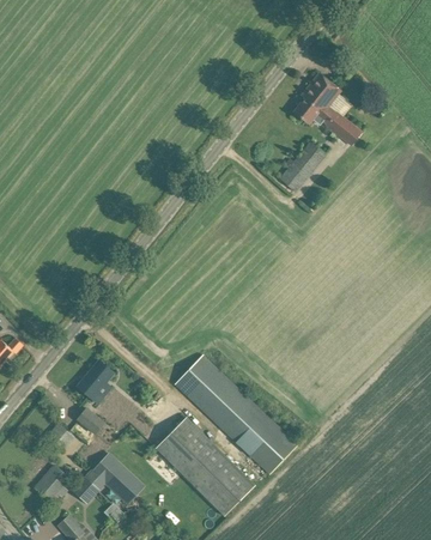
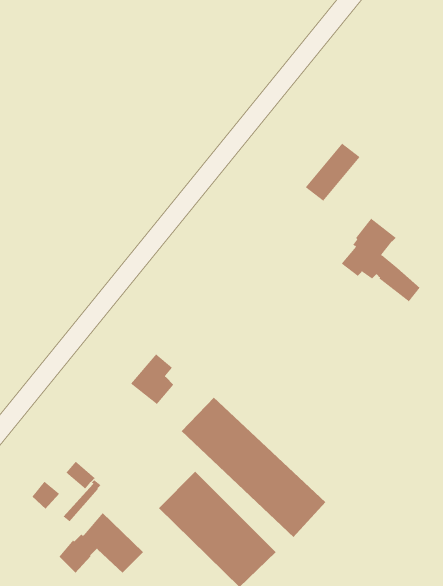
building: [293,74,360,145] -> [341,218,421,302]
building: [77,362,114,405] -> [130,353,174,405]
building: [35,466,71,502] -> none

